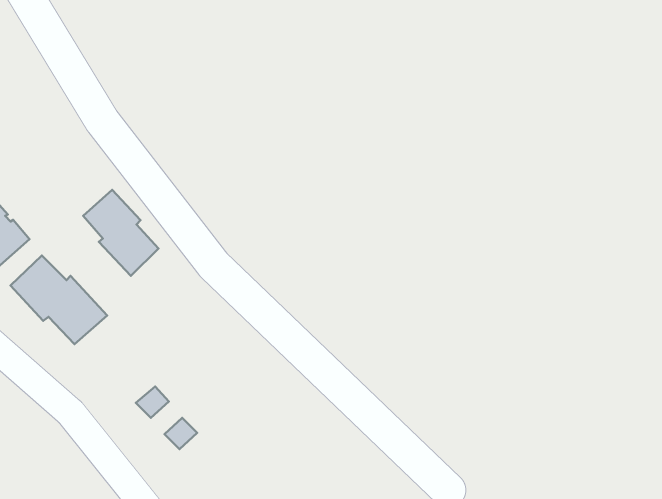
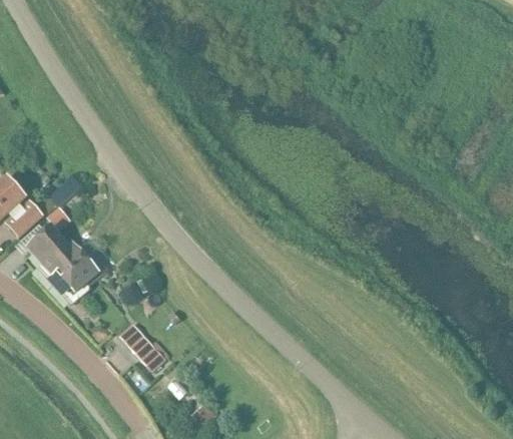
building: [83,190,158,276] -> none

